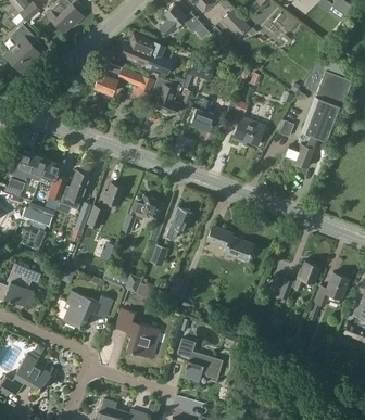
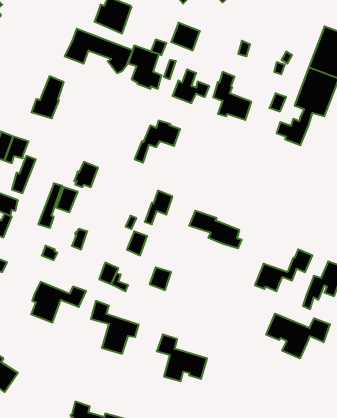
building: [146,42,173,74] -> none
building: [60,170,89,208] -> [31,76,64,118]
building: [122,195,163,233] -> [135,121,180,163]
building: none -> [266,314,330,358]

